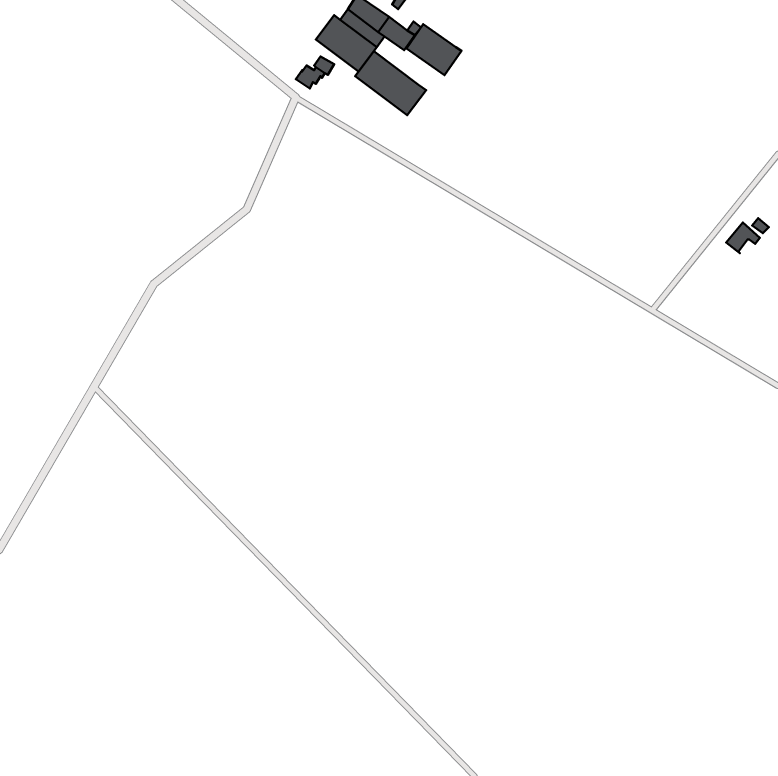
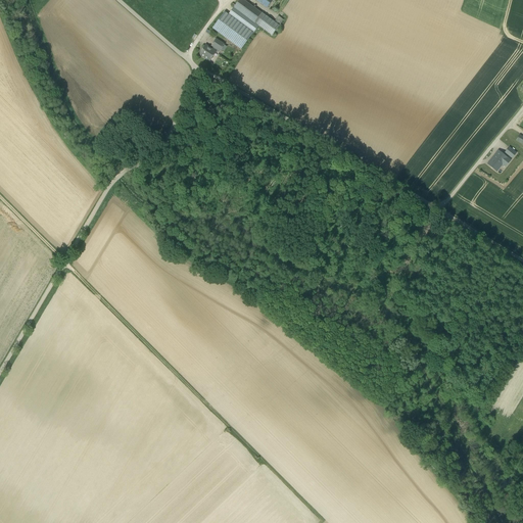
building: [406,24,461,75] -> none
building: [355,51,426,115] -> none

